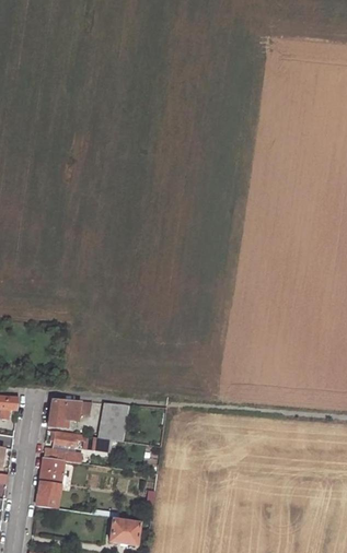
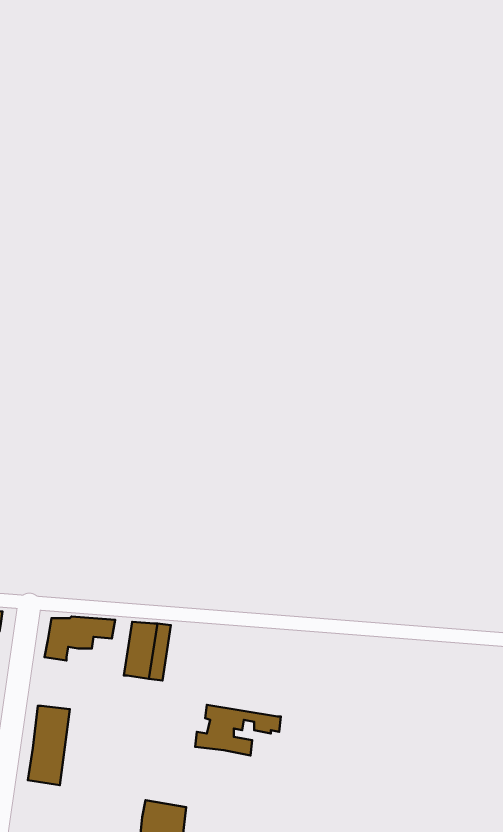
building: [45,431,101,463] -> [195,705,281,755]

